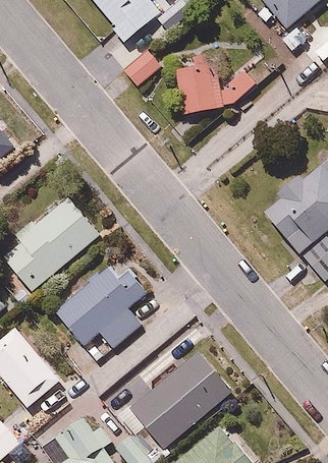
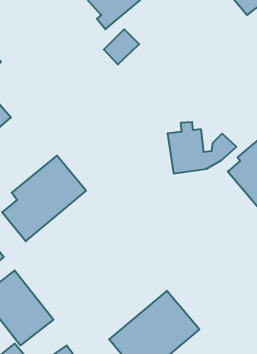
building: [178,55,258,114] -> [167,122,236,173]
building: [54,265,151,351] -> none

